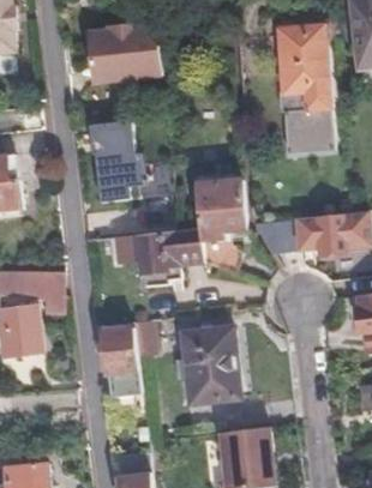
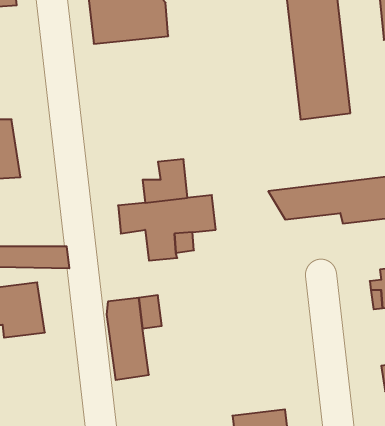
building: [90,120,144,201] -> none
building: [196,180,246,270] -> none
building: [179,326,241,402] -> none

